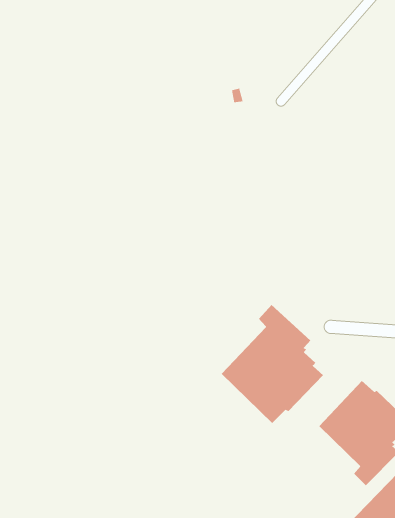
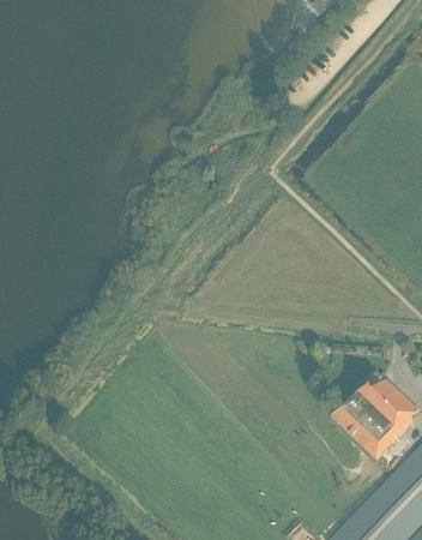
building: [221,304,324,424] -> none

